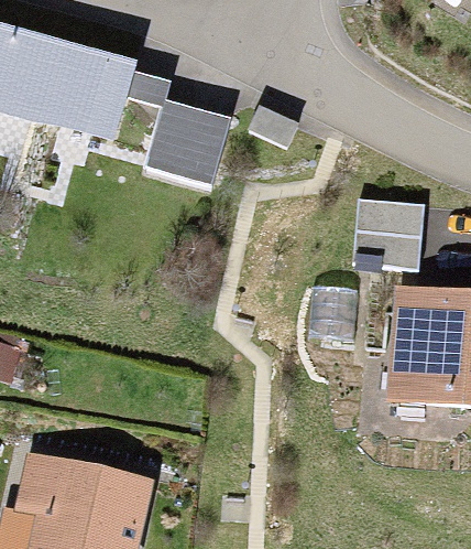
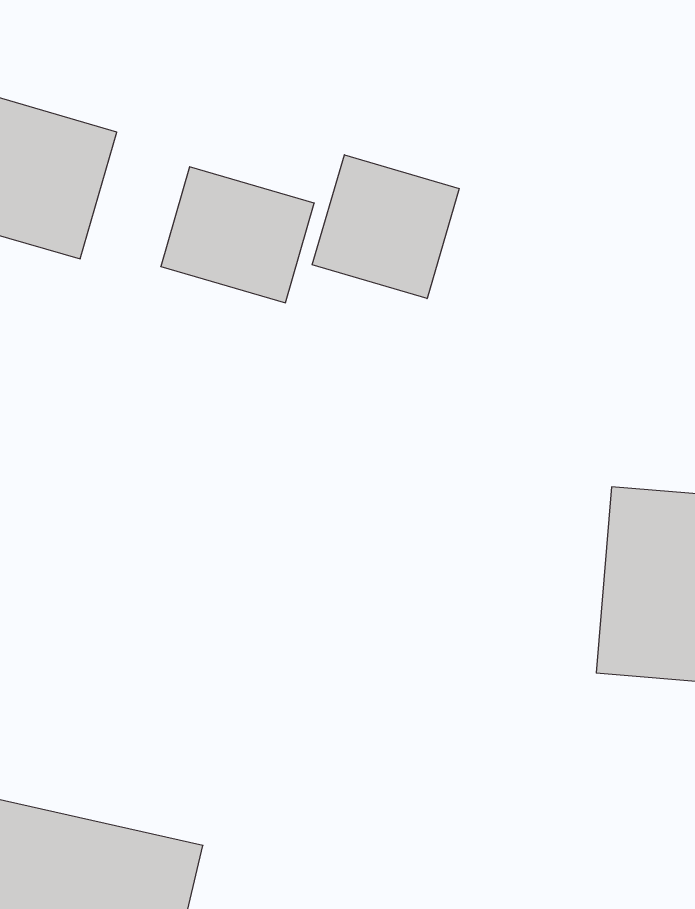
building: none -> [312,155,459,299]
building: [339,193,423,263] -> none

